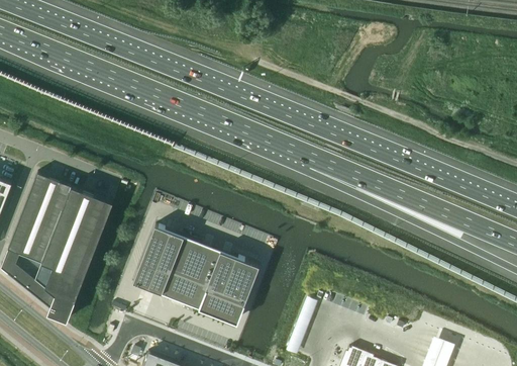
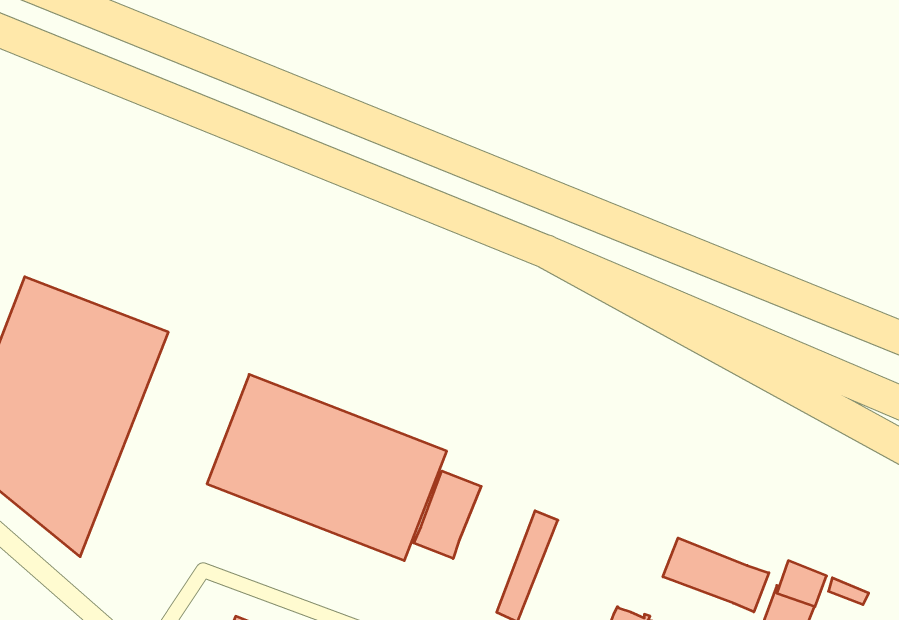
building: none -> [414,471,481,559]
building: none -> [663,538,769,612]

